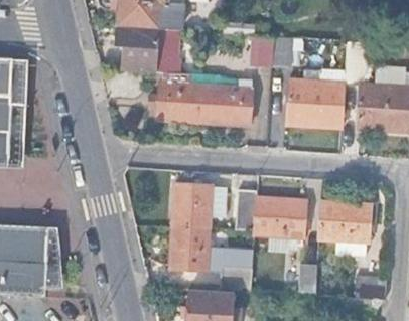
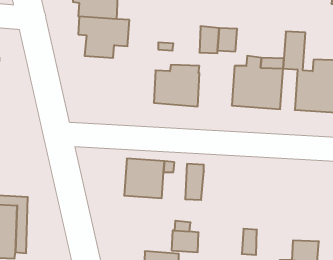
building: [155,30,202,123] -> none
building: [254,199,306,236] -> none
building: [319,203,371,242] -> none
building: [165,226,210,270] -> none

